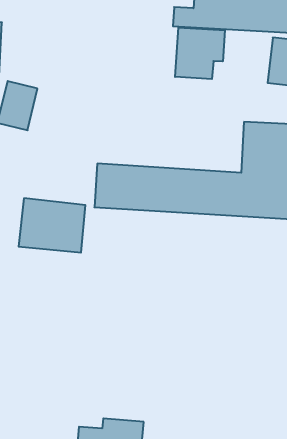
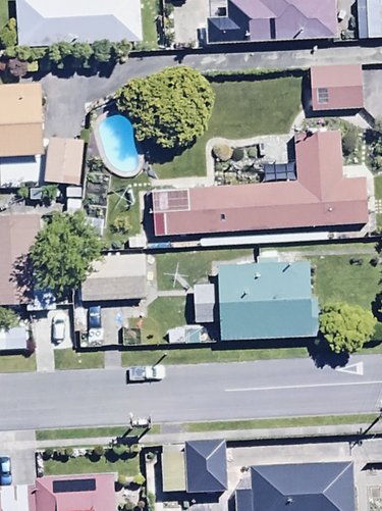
building: [175,27,225,79] -> none
building: none -> [193,248,316,324]

